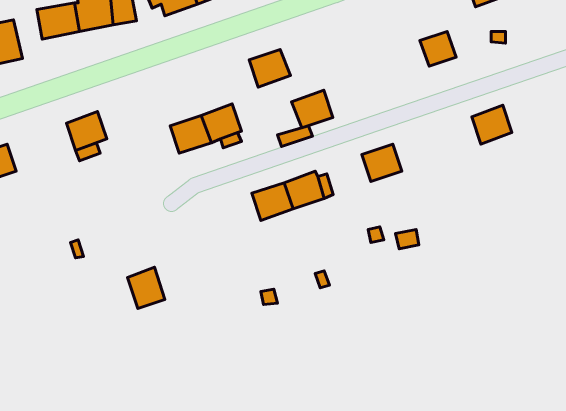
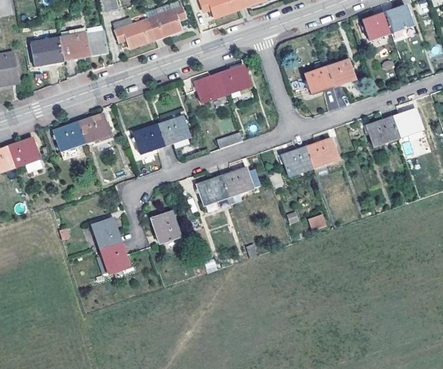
building: none -> [305,66,334,94]
building: [292,90,333,128] -> [219,64,251,93]
building: none -> [391,108,423,137]
building: none -> [78,113,110,142]
building: none -> [8,137,42,172]
building: none -> [306,138,338,167]
building: none -> [151,210,181,243]
building: none -> [92,217,122,249]

